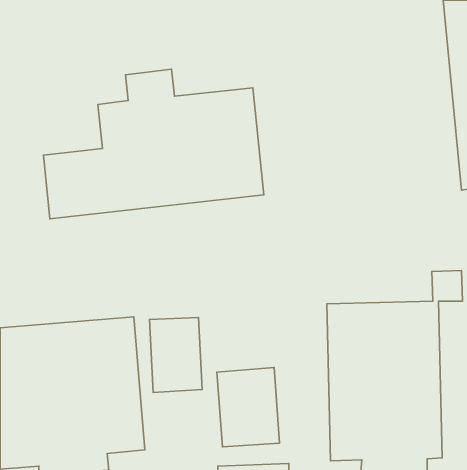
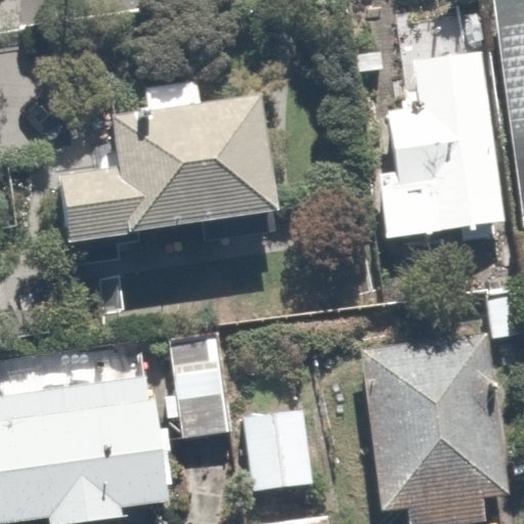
building: none -> [379,50,496,235]

